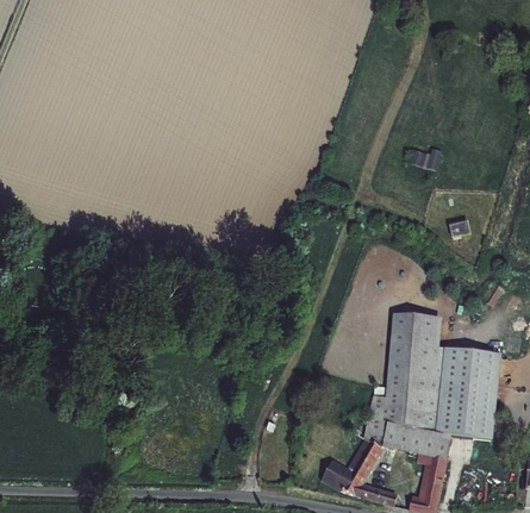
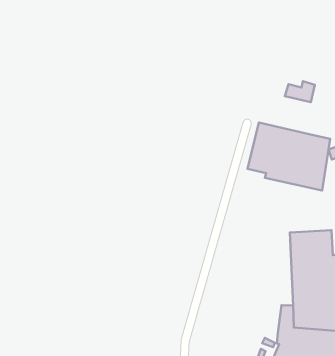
building: none -> [248,122,330,191]

